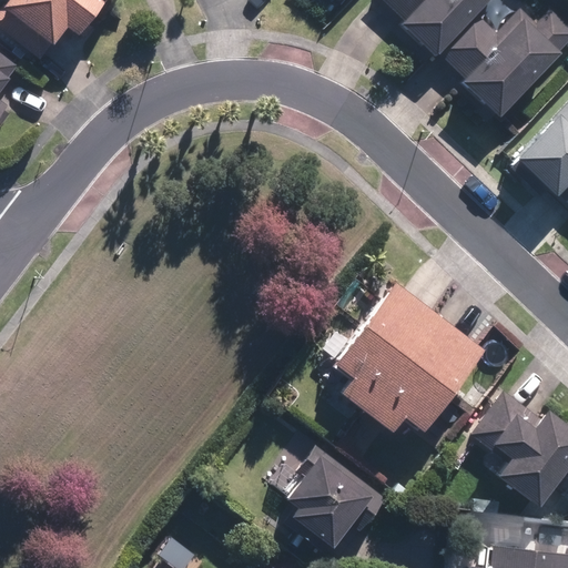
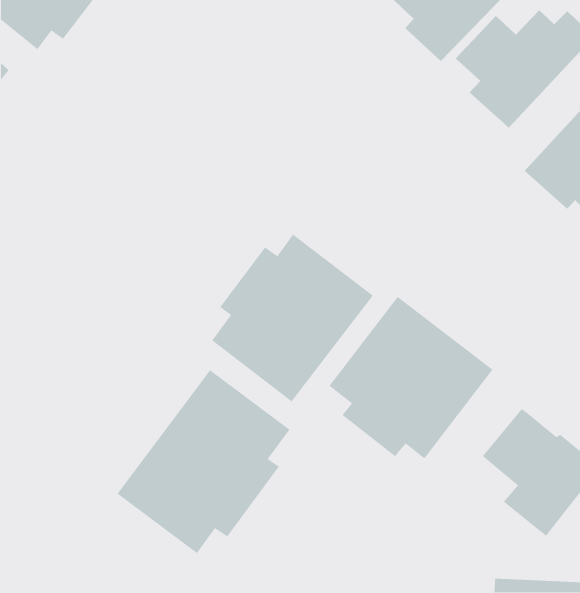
building: none -> [211,233,374,402]
building: none -> [117,369,291,554]
building: [287,442,394,550] -> none

